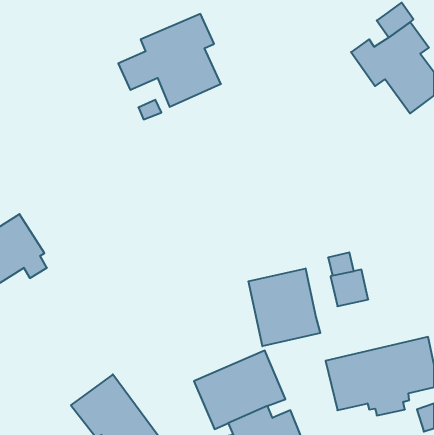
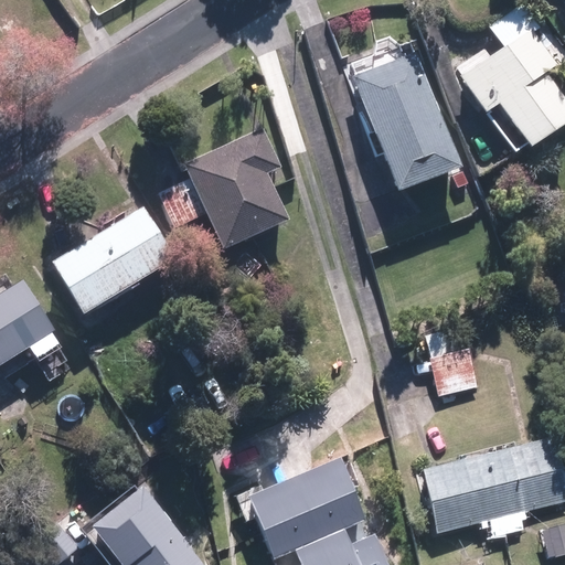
building: [118,14,221,107] -> [157,129,289,249]
building: none -> [351,50,461,190]
building: none -> [54,206,177,312]
building: [248,268,320,346] -> none

